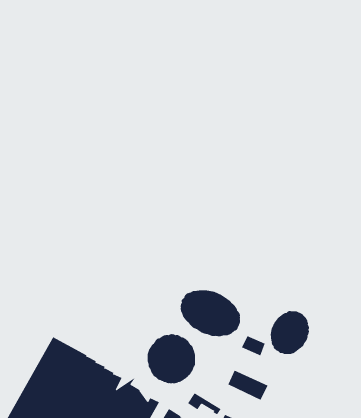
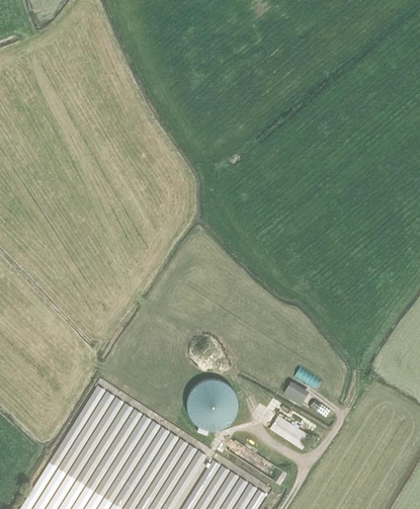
building: [180,290,241,337] -> none
building: [270,310,310,355] -> none

